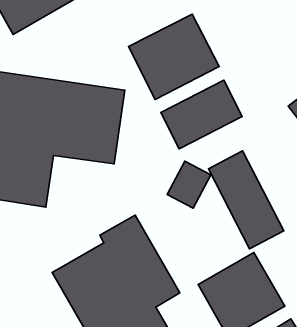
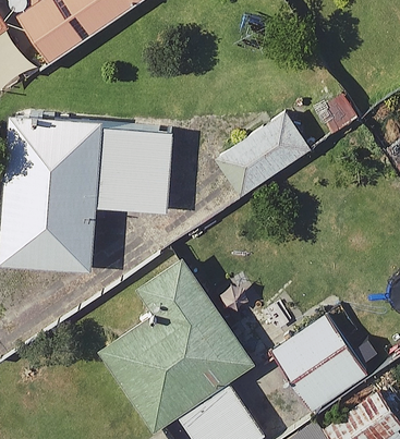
building: [129,14,219,100] -> none
building: [208,151,284,249] -> none

